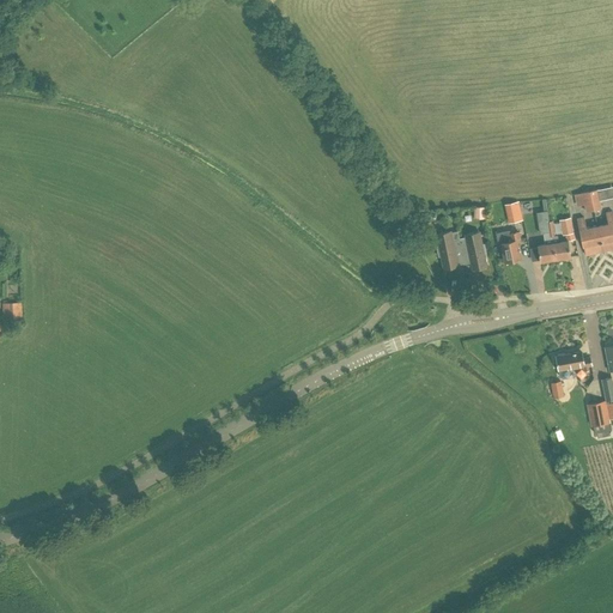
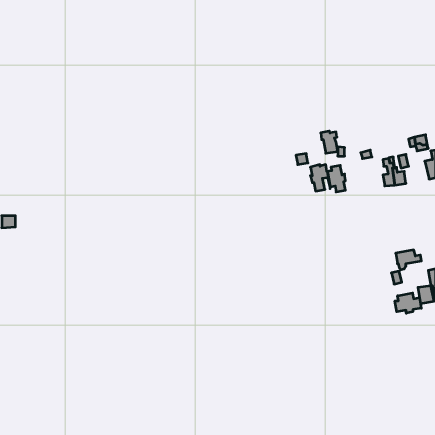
building: [577,218,603,257] -> none
building: [498,232,522,263] -> [321,131,338,153]
building: none -> [395,293,421,313]

